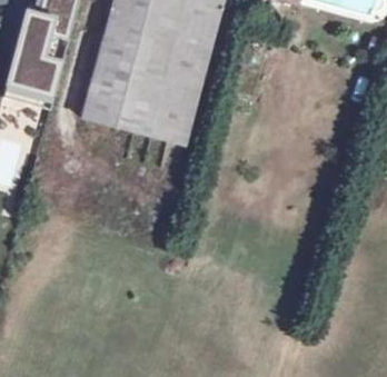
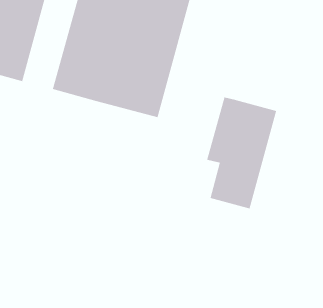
building: none -> [206,96,277,210]

